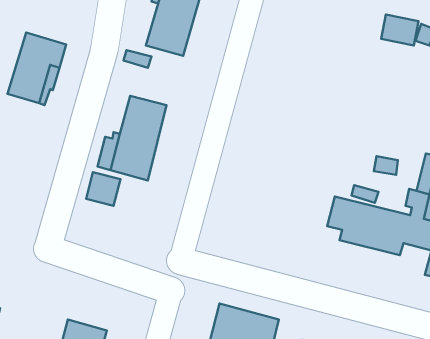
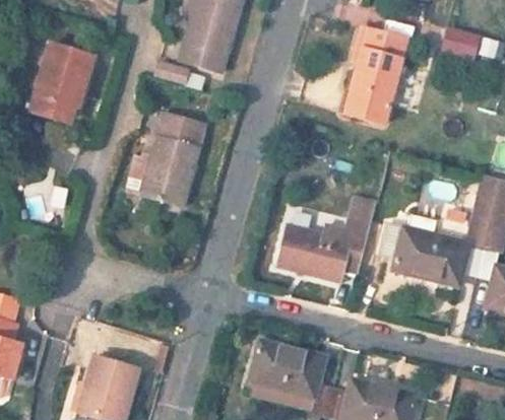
building: none -> [345,30,405,124]
building: [86,172,120,206] -> none
building: none -> [278,207,372,281]

